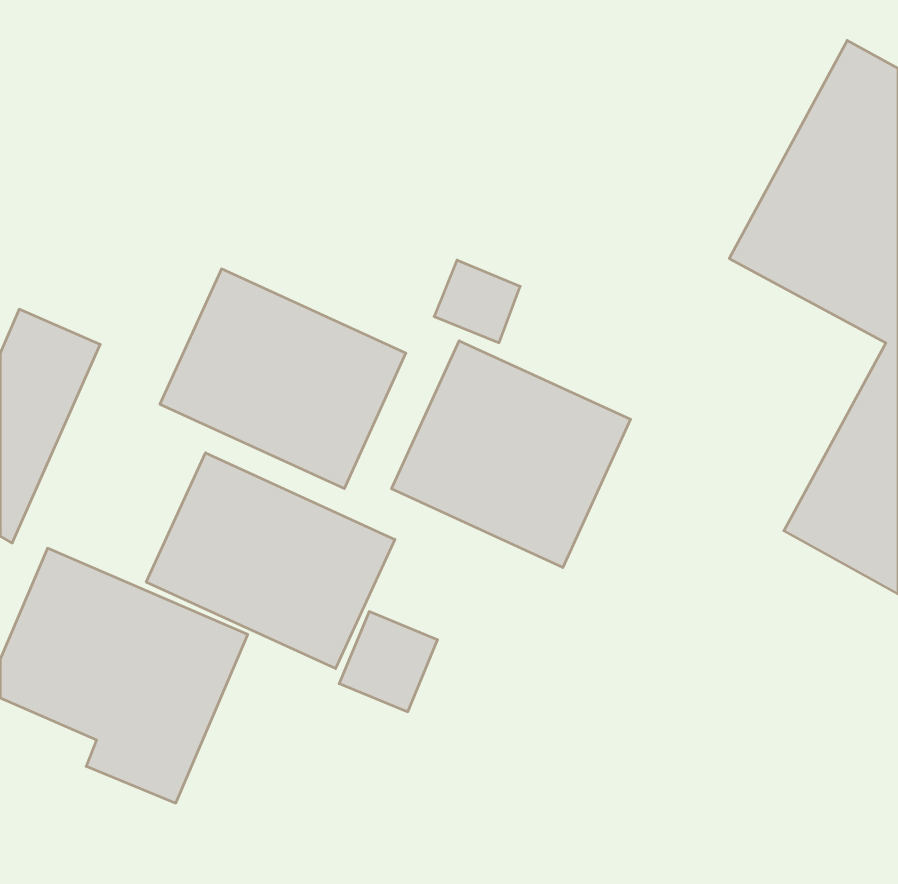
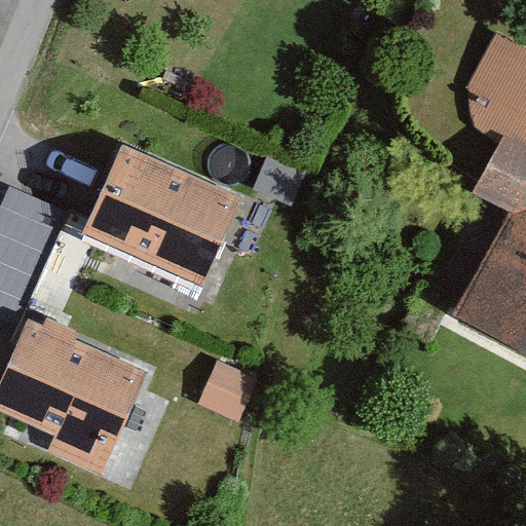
building: [392,341,631,568] -> none
building: [146,453,395,669] -> none

